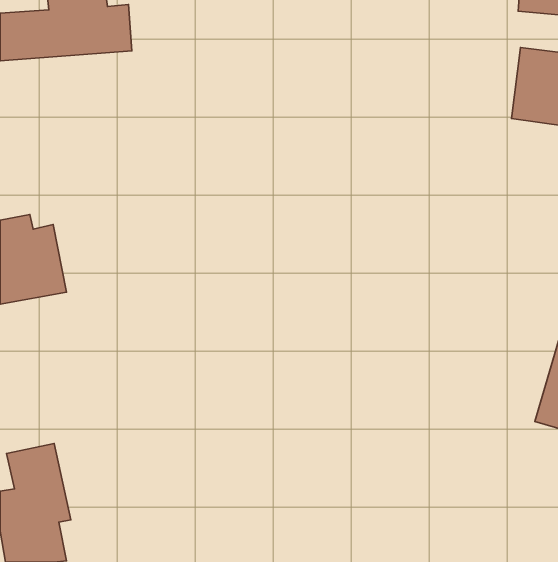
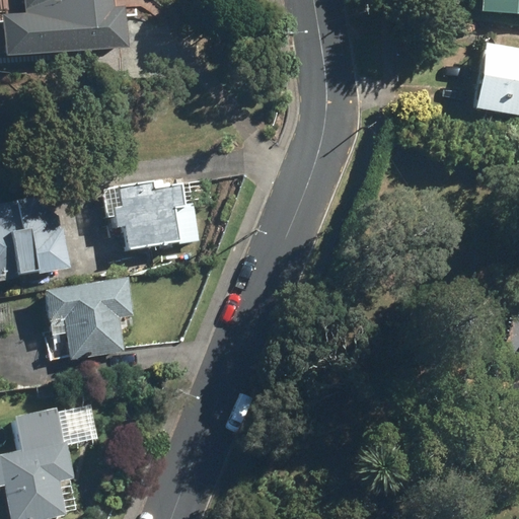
building: none -> [109,181,198,250]
building: none -> [44,275,135,358]

